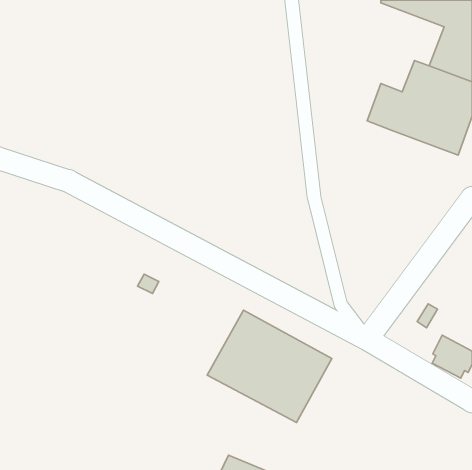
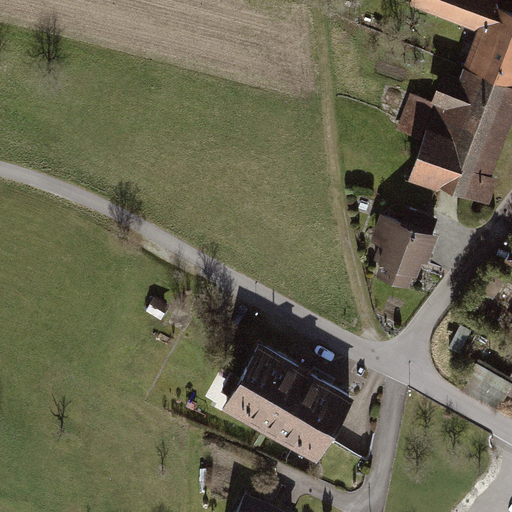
building: none -> [409,145,493,203]
building: none -> [372,210,440,289]

